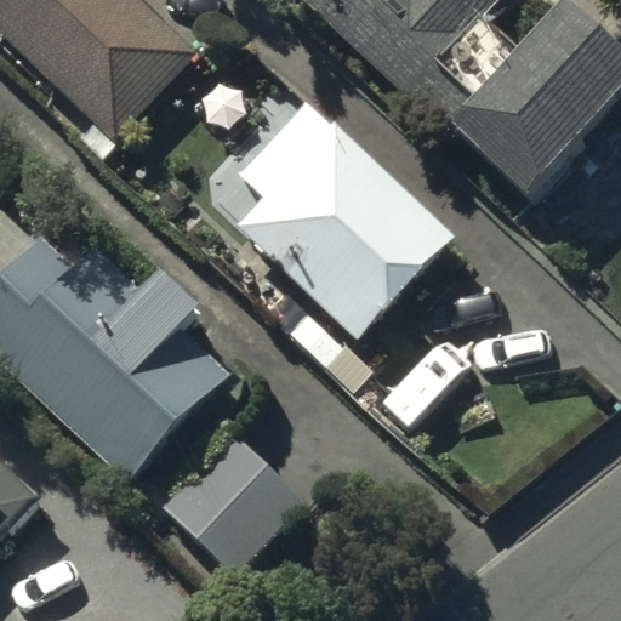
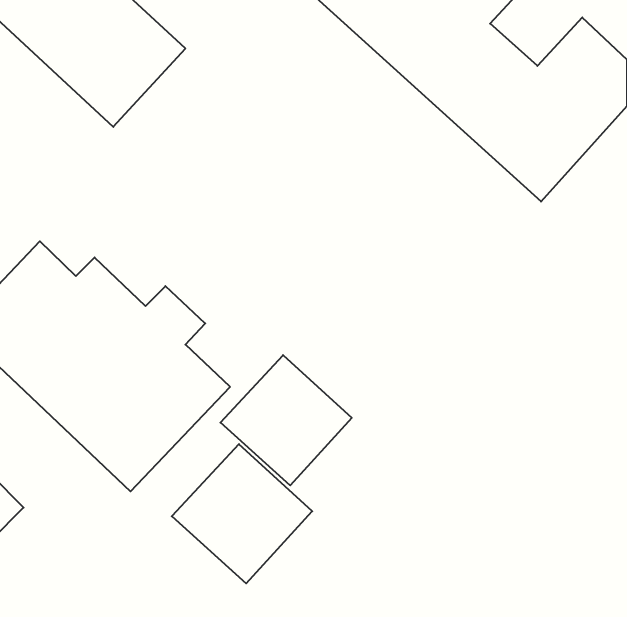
building: [237,101,452,336] -> none
building: none -> [220,355,352,485]

